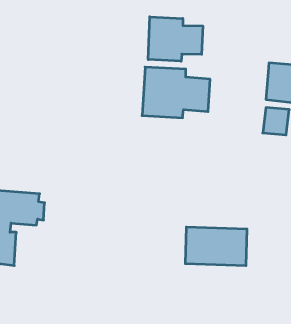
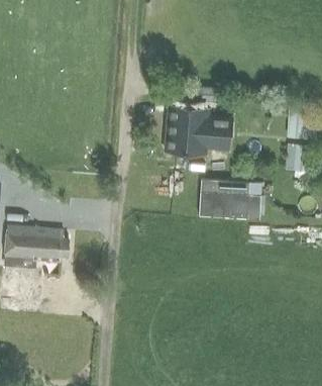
building: [148,17,203,61] -> none
building: [185,227,247,266] -> [198,179,259,217]

